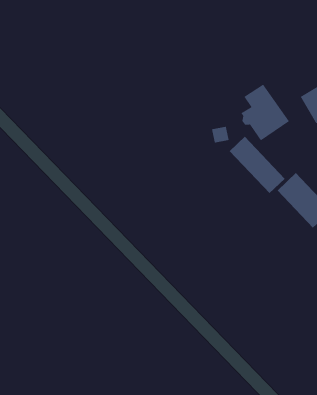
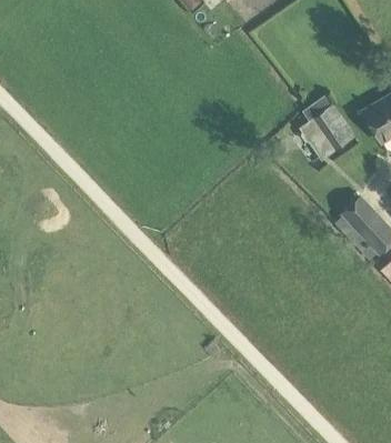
building: [229,136,285,194] -> none

